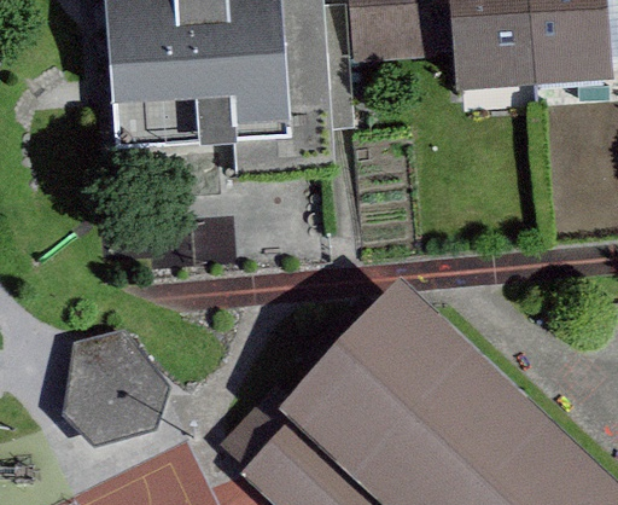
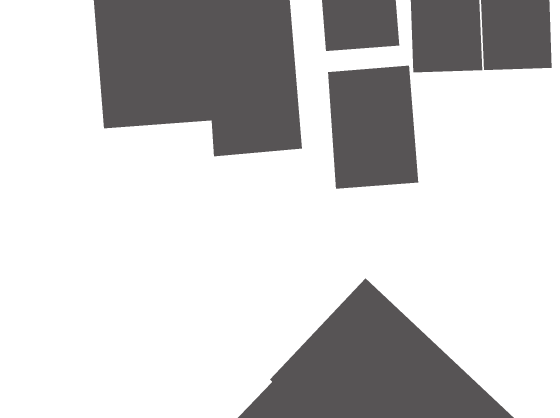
building: none -> [328,65,419,190]
building: [71,330,156,431] -> none

